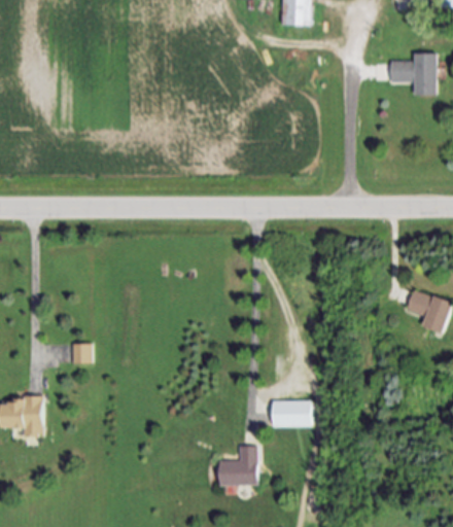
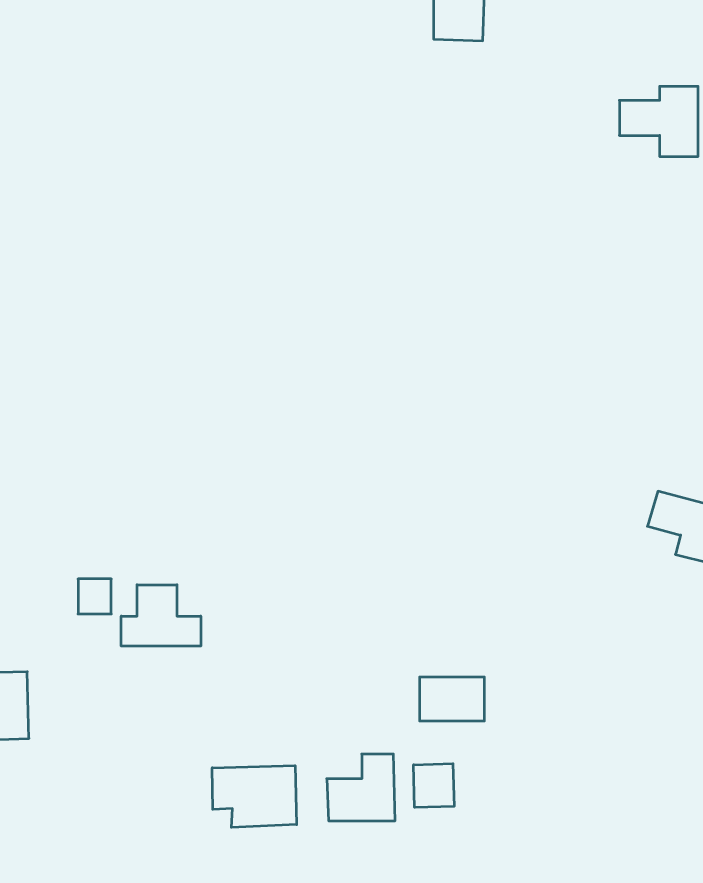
building: none -> [121,585,201,646]
building: none -> [414,764,454,807]
building: none -> [212,766,297,827]

